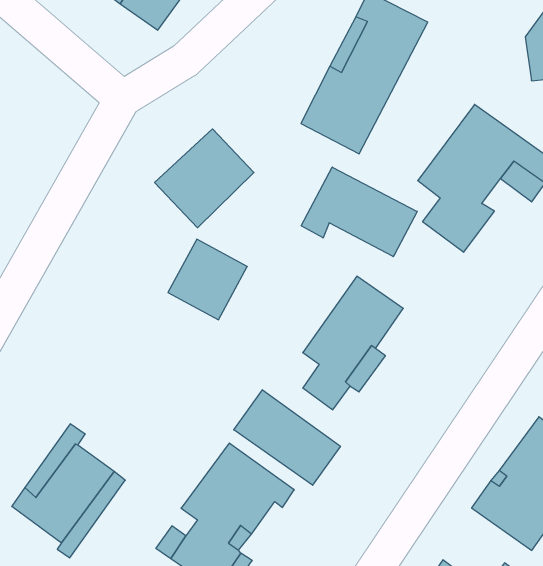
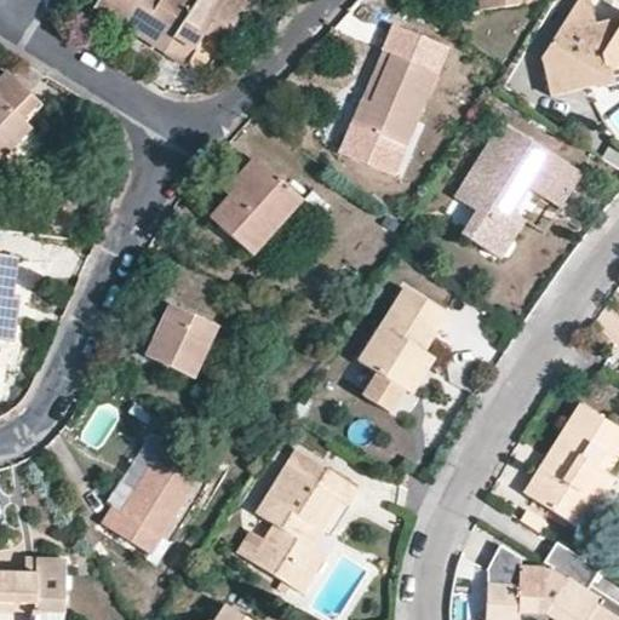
building: [301,167,417,257] -> none
building: [168,239,247,320] -> [145,305,217,378]
building: [234,390,340,485] -> none

